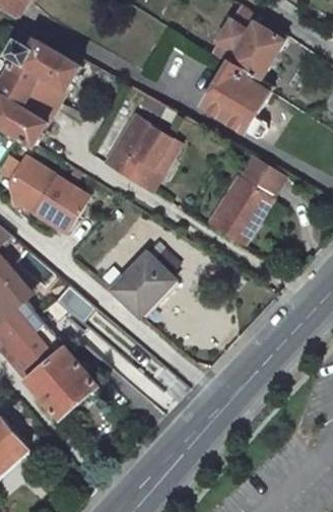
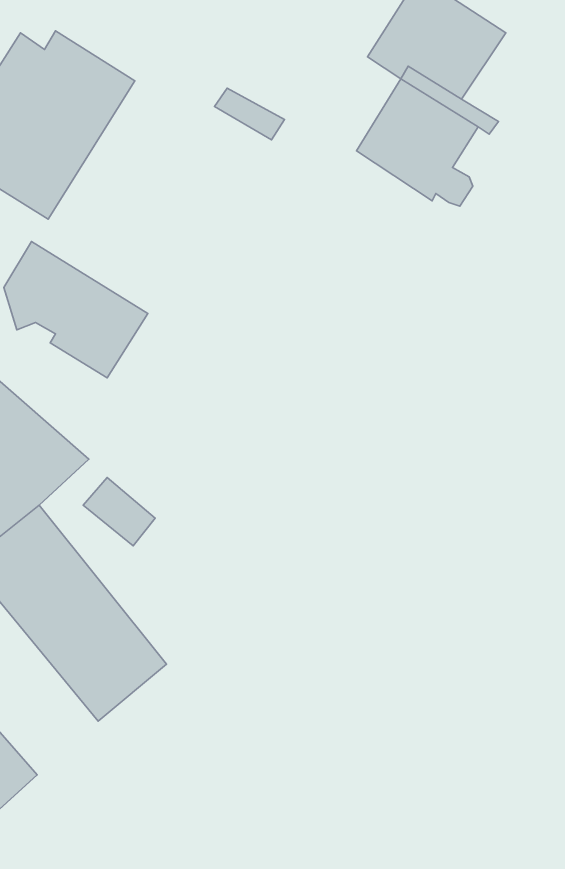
building: [99,121,176,195] -> none
building: [202,159,279,253] -> none
building: [110,254,172,317] -> none

